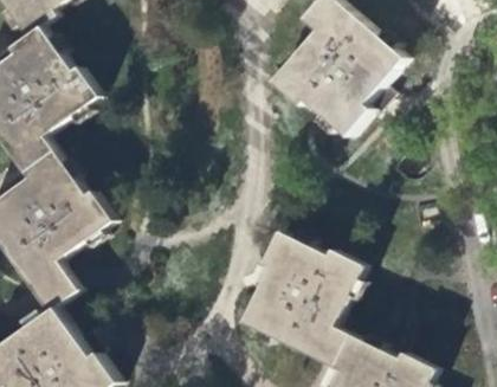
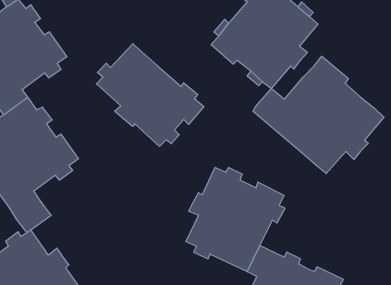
building: none -> [96,44,204,146]
building: none -> [253,56,384,174]

